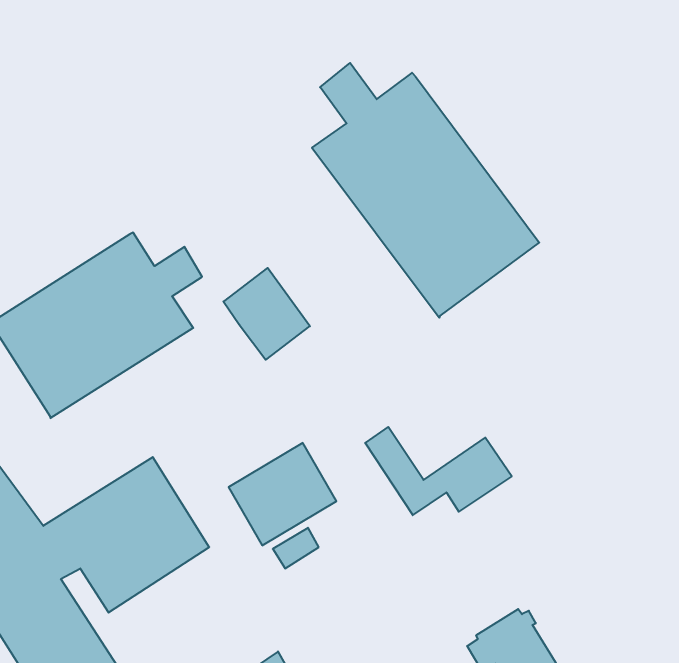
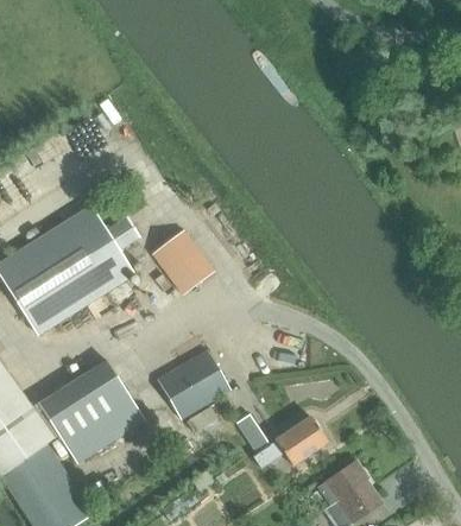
building: [312,63,539,318] -> none
building: [365,427,512,515] -> [228,408,327,468]

